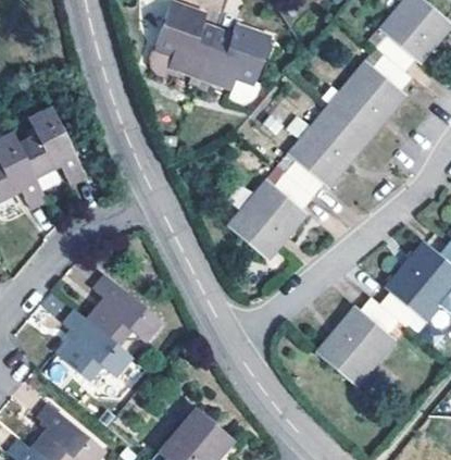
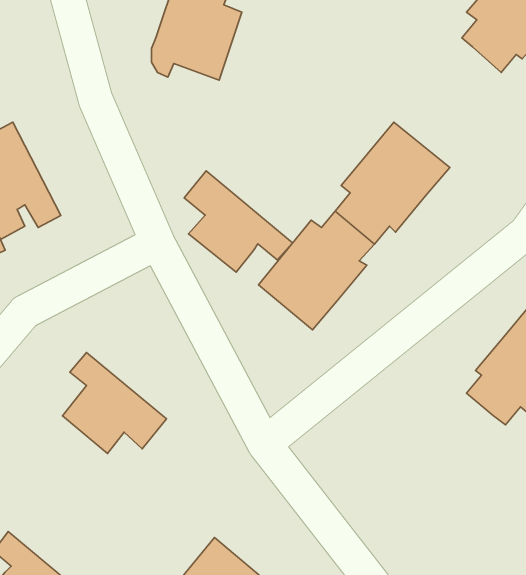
building: [200,24,271,88] -> none
building: [326,53,411,140] -> none
building: none -> [184,171,293,272]
building: [316,296,398,384] -> none
building: [58,310,133,383] -> none

